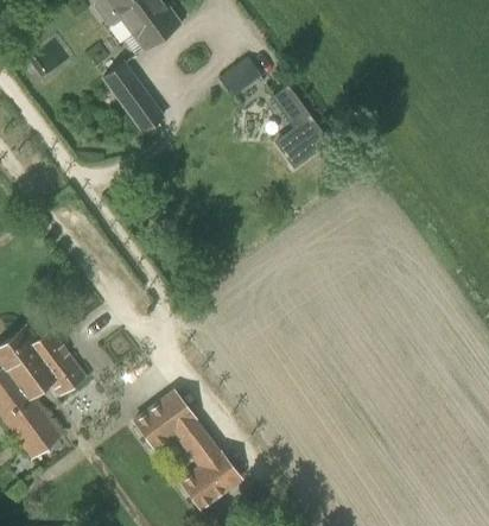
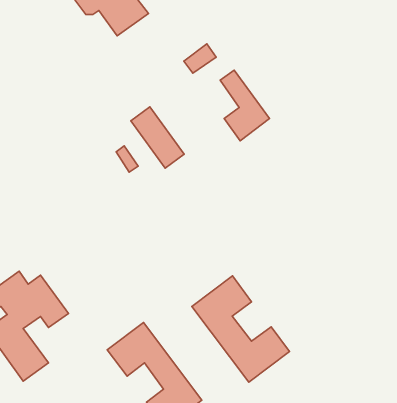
building: [102,61,165,133] -> [131,107,184,168]
building: none -> [192,276,289,382]

